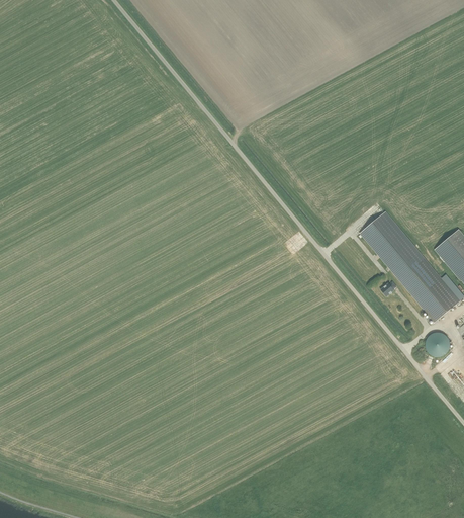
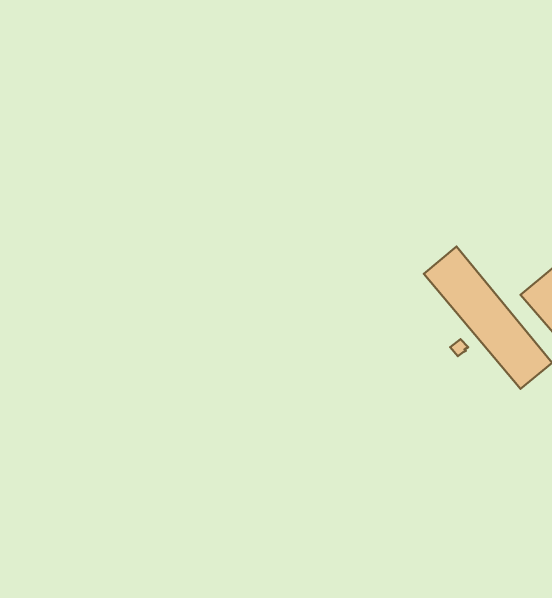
building: [424,332,449,357] -> none

